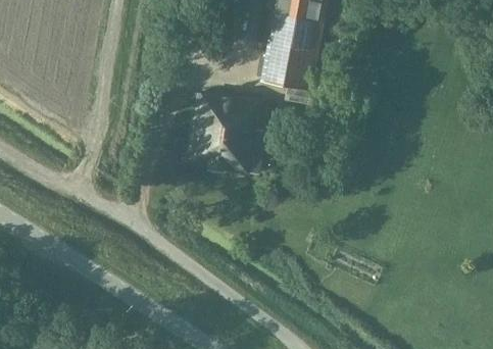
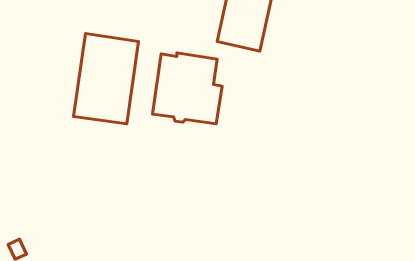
building: none -> [74,34,138,124]

